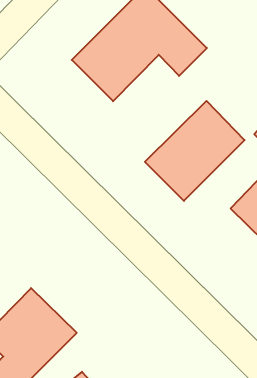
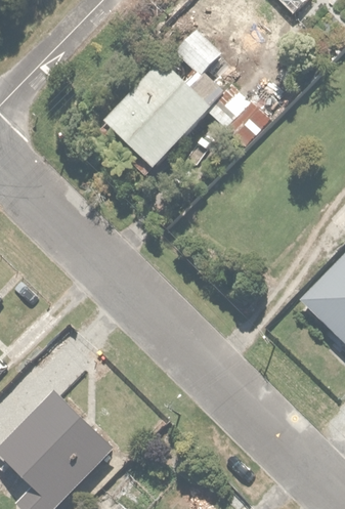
building: [145,101,245,201] -> none

